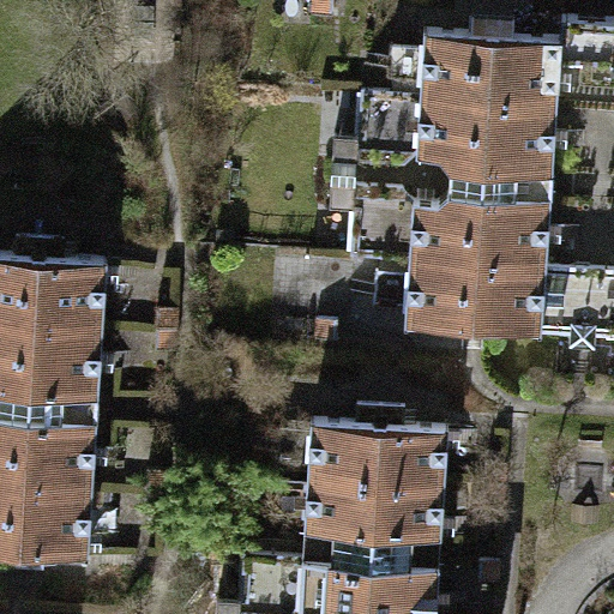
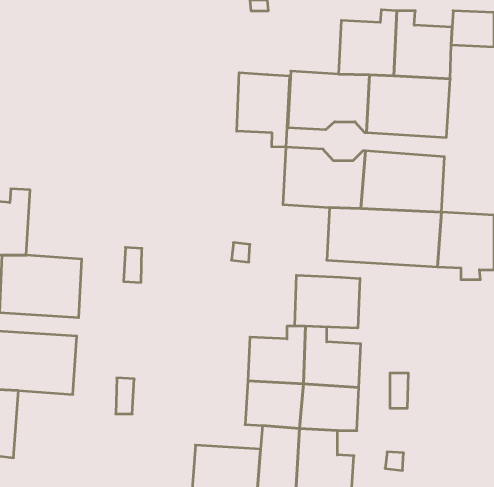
building: none -> [237,73,290,147]
building: [32,247,104,332] -> none
building: none -> [295,275,360,328]
building: [17,494,90,579] -> none

